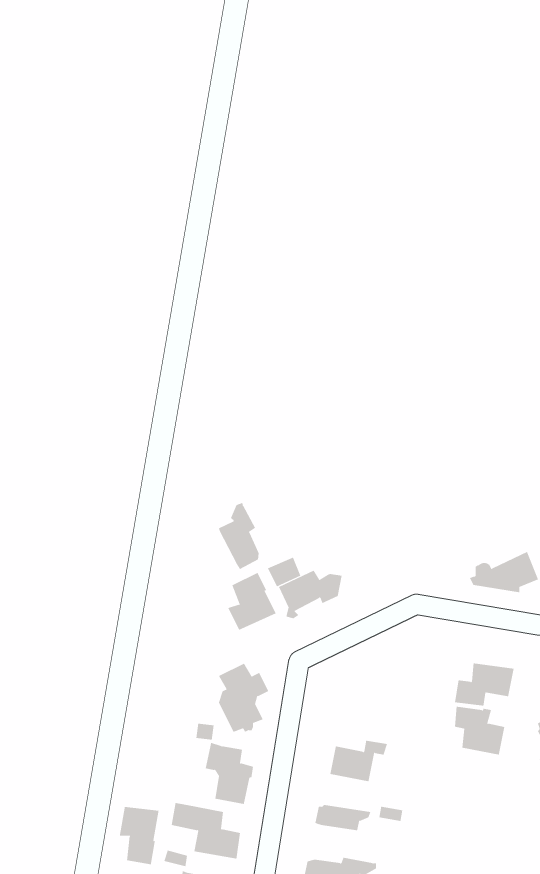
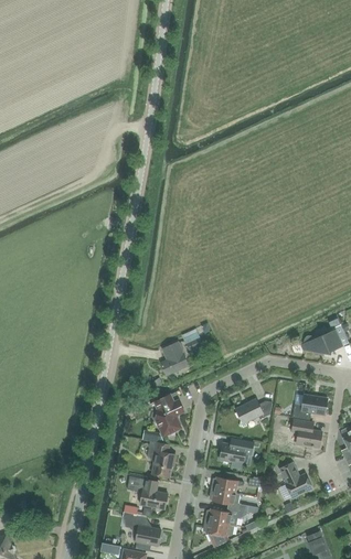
building: [219,502,259,570] -> none
building: [278,570,342,619] -> [235,399,273,428]
building: none -> [279,462,312,498]
building: [119,806,159,865] -> none
building: none -> [209,488,246,512]

